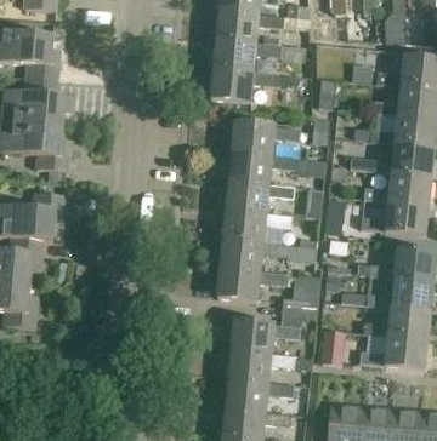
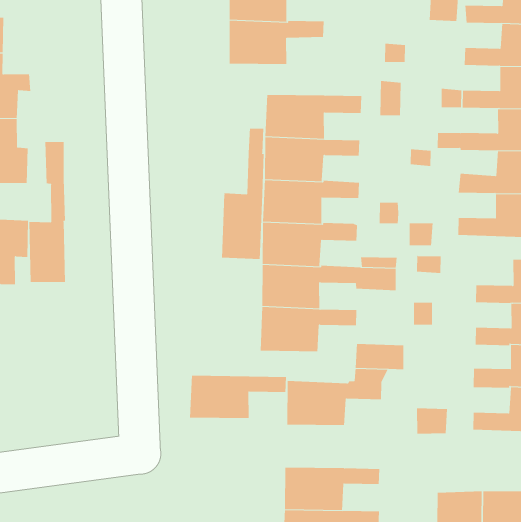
building: none -> [29,141,66,283]
building: none -> [222,128,264,260]
building: [228,349,297,382] -> [189,375,287,418]

